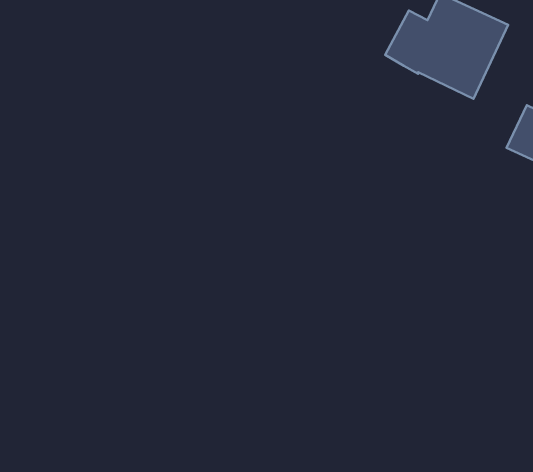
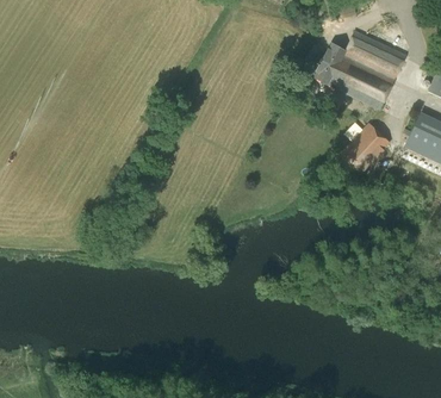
building: none -> [338,124,392,176]

